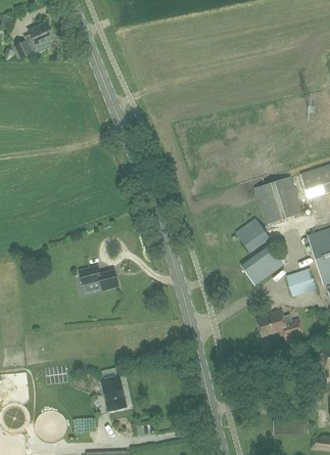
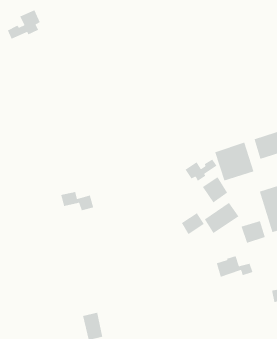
building: none -> [185,158,217,182]
building: none -> [181,212,205,235]
building: [78,266,117,289] -> [60,191,94,211]

